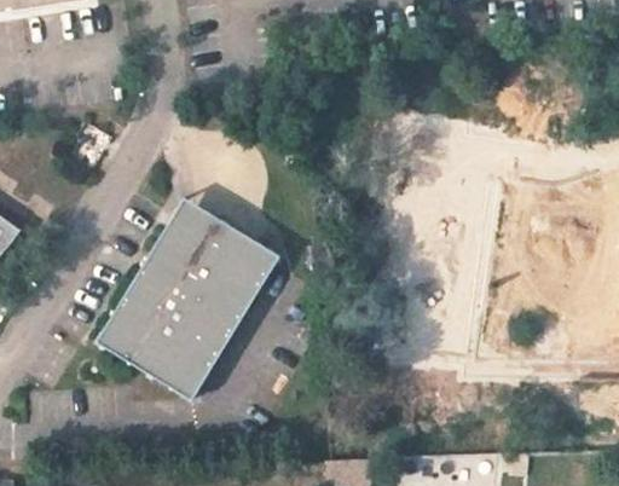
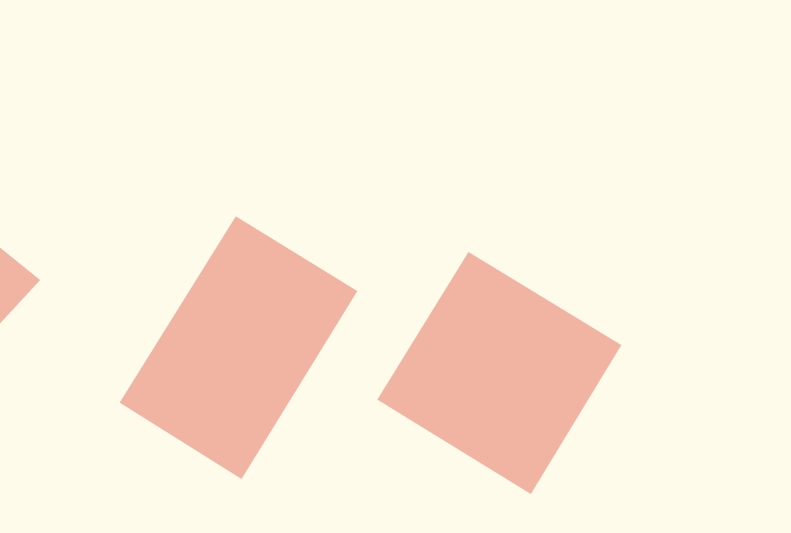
building: none -> [376,251,623,495]

